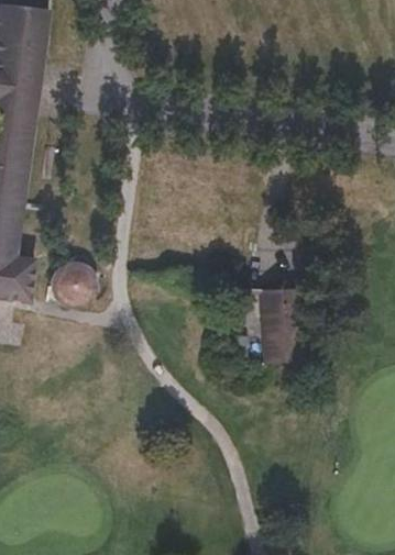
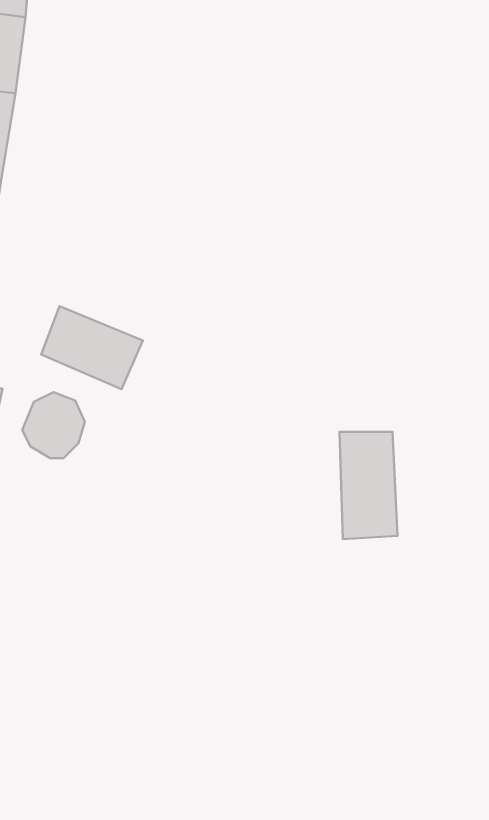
building: none -> [41,306,143,389]

